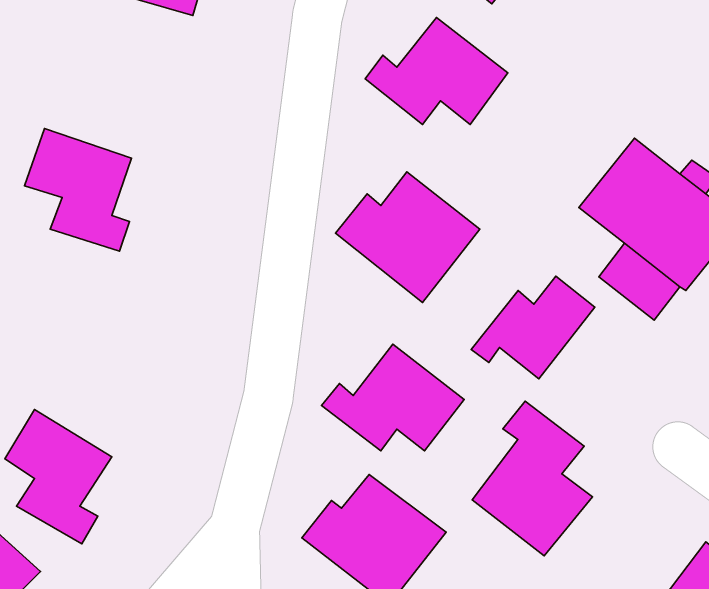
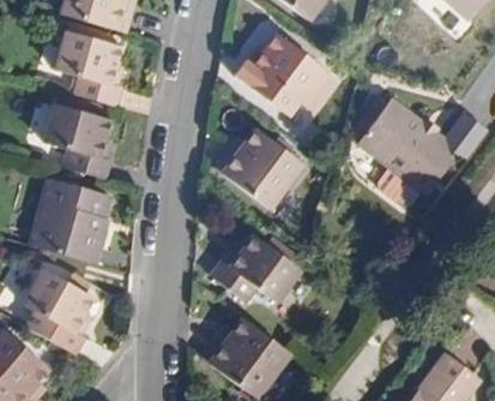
building: none -> [59,34,123,108]
building: none -> [29,180,109,265]
building: [471,276,595,379] -> none
building: [472,401,593,556] -> none

